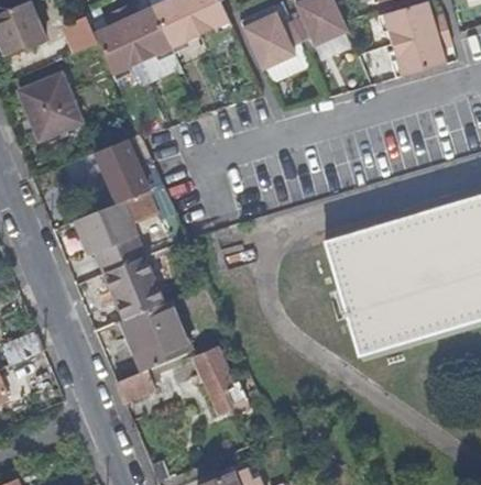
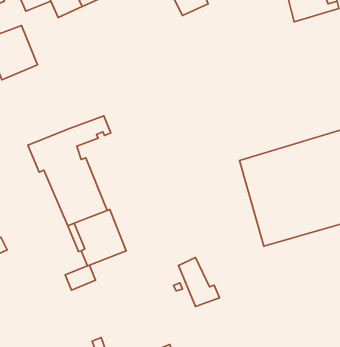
building: [89,141,150,201] -> none
building: [195,350,245,410] -> [178,257,219,307]

